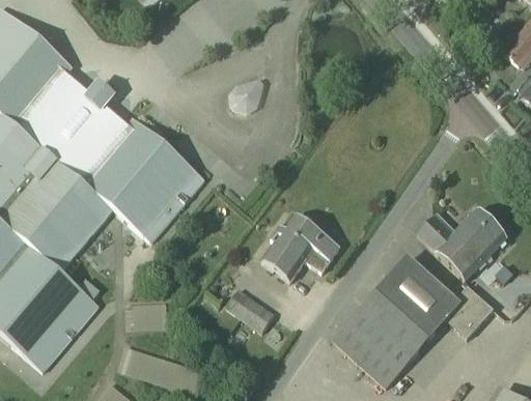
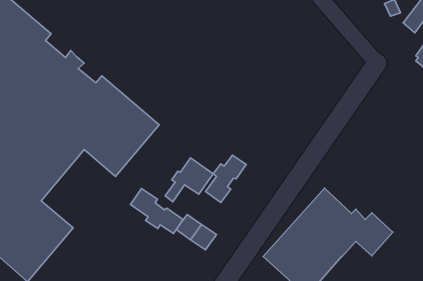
building: [417,208,507,279] -> none
building: [281,226,340,280] -> [165,158,213,202]
building: none -> [130,189,183,233]

